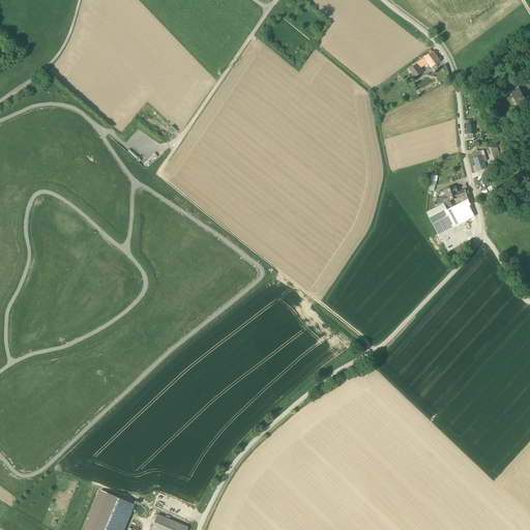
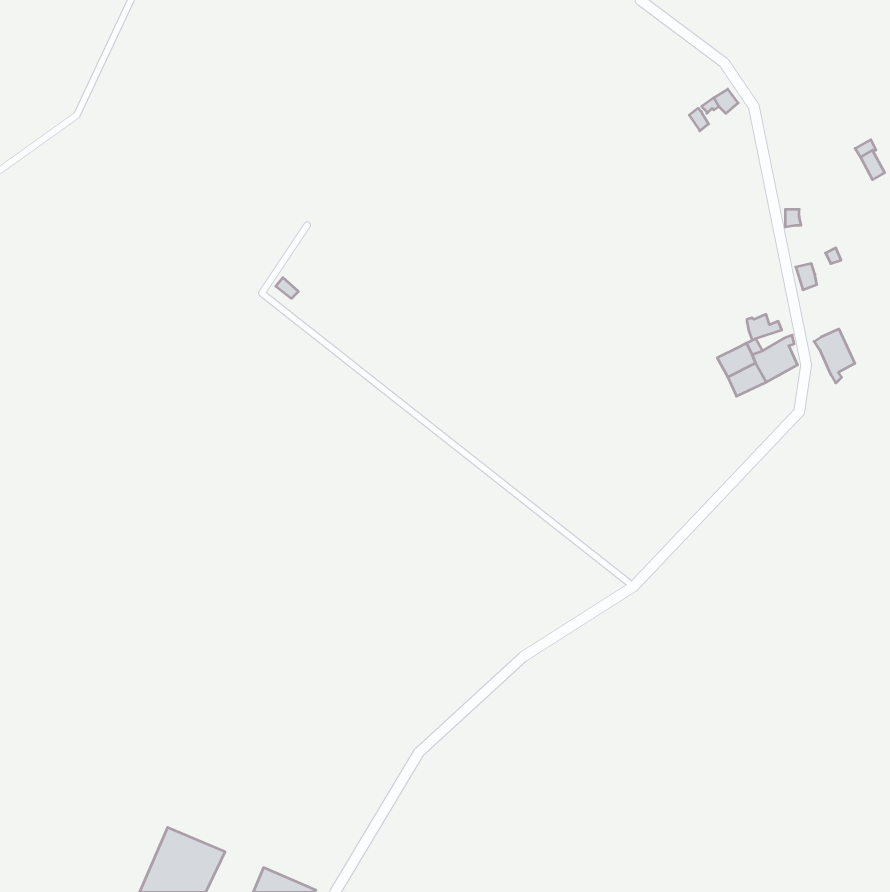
building: none -> [814,329,855,383]

